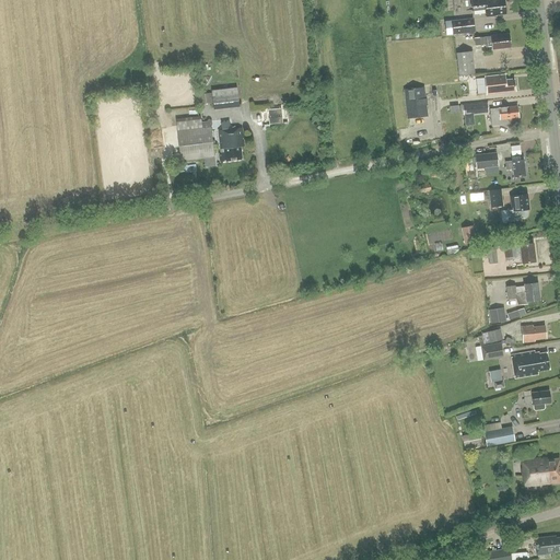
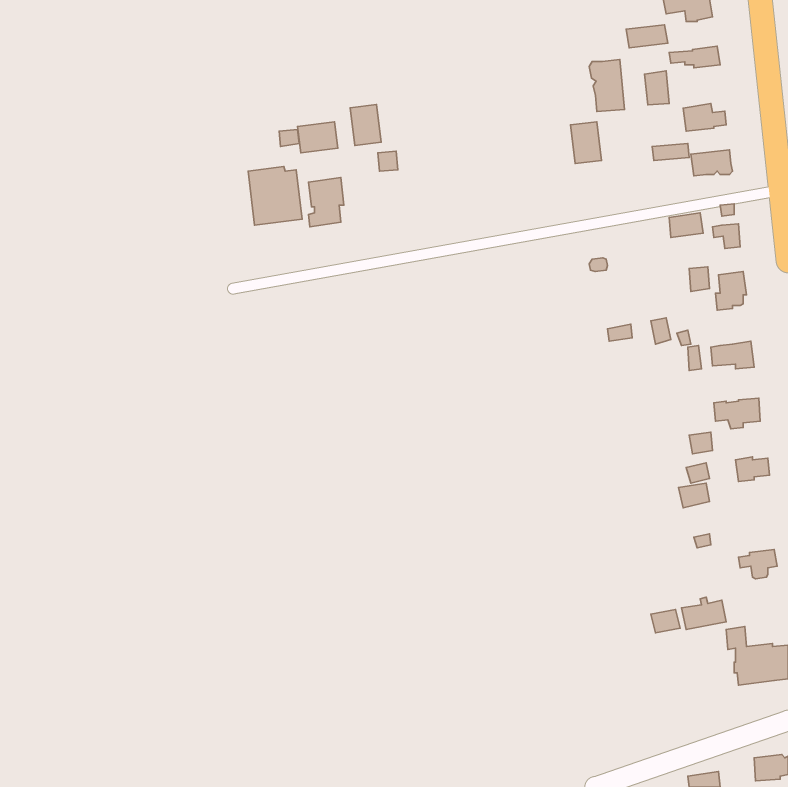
building: none -> [589,60,625,111]
building: none -> [350,104,381,145]
building: [511,350,549,377] -> none

